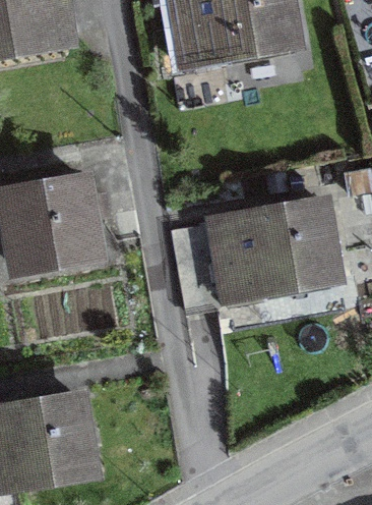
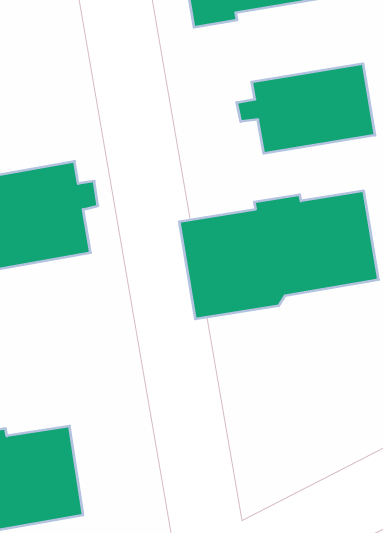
building: none -> [237,64,375,153]

